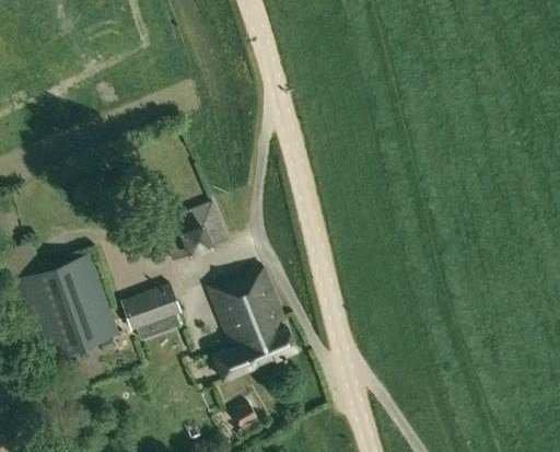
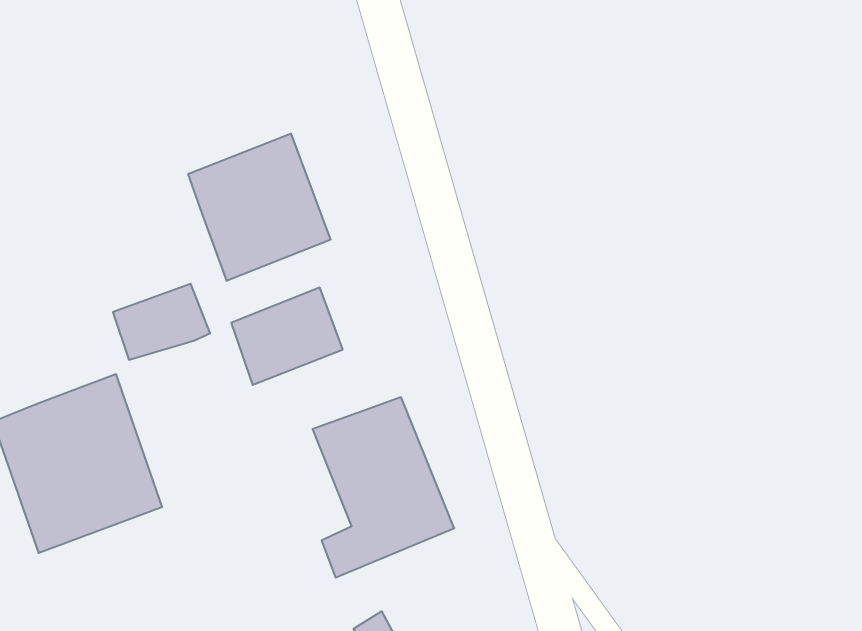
building: none -> [188,134,331,281]
building: [122,283,183,331] -> [113,284,210,360]

